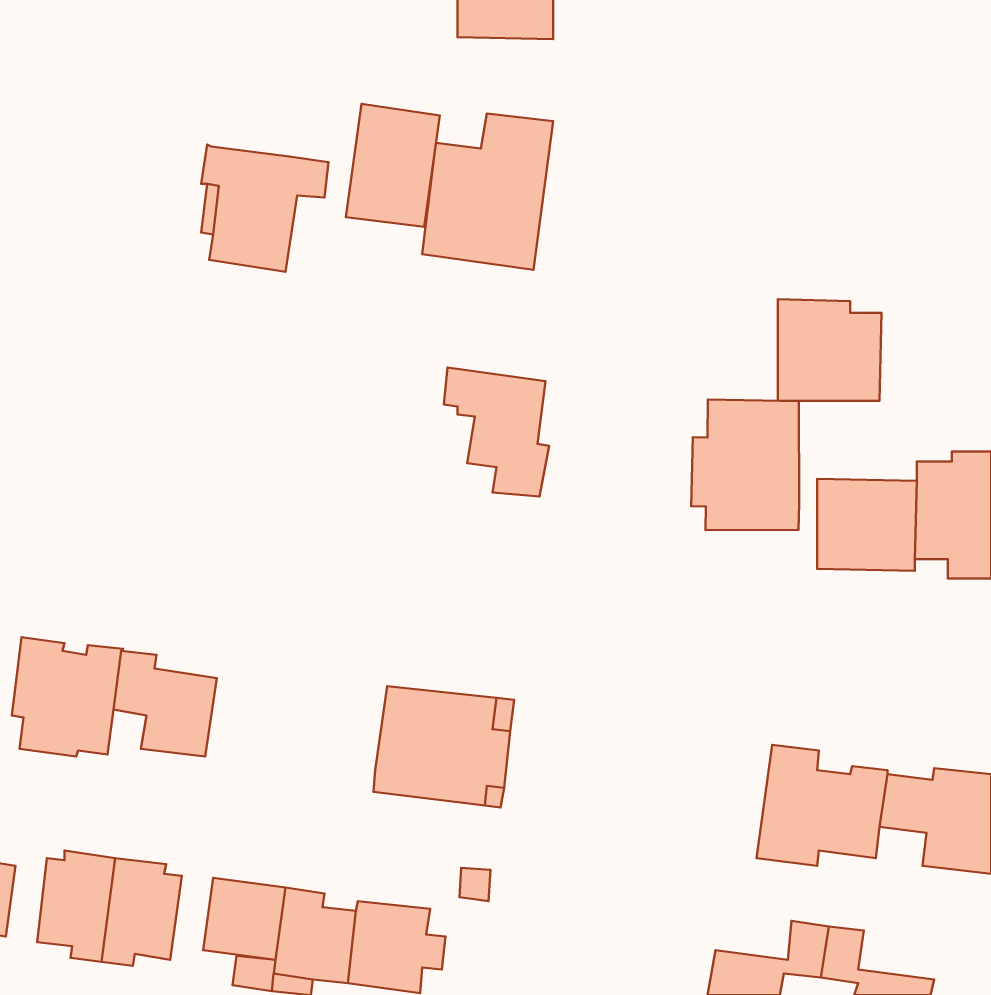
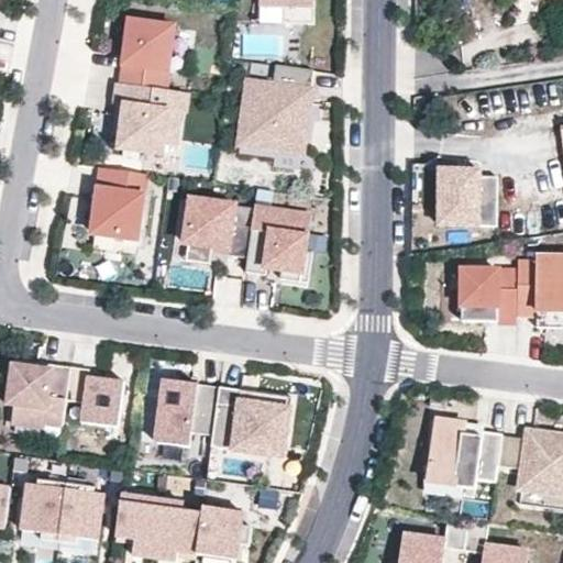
building: [346,104,440,227] -> [119,19,172,88]
building: none -> [90,166,143,238]
building: none -> [183,198,252,256]
building: [691,399,799,530] -> none
building: none -> [155,378,218,445]

